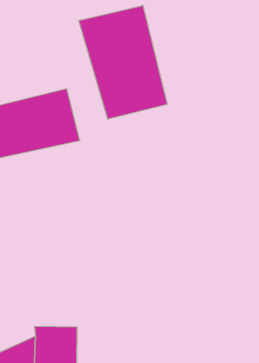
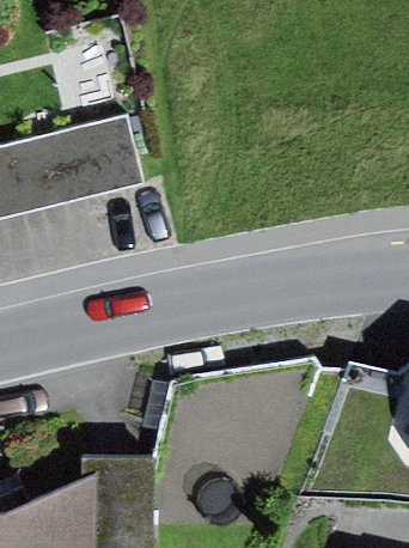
building: [79,5,167,119] -> none

